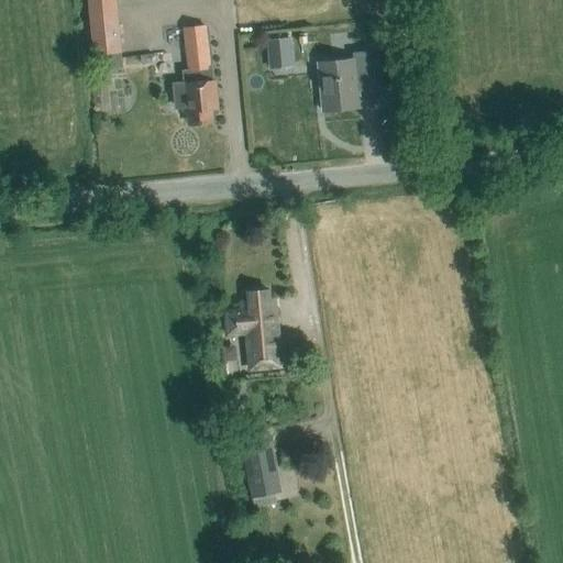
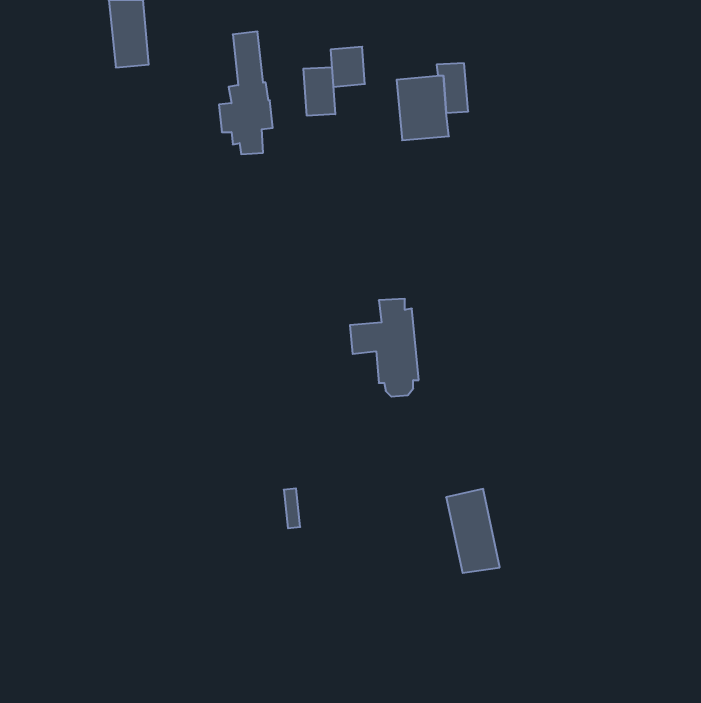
building: none -> [303,67,335,116]
building: [221,289,276,367] -> [350,299,419,397]
building: [240,429,283,496] -> [446,489,500,573]

